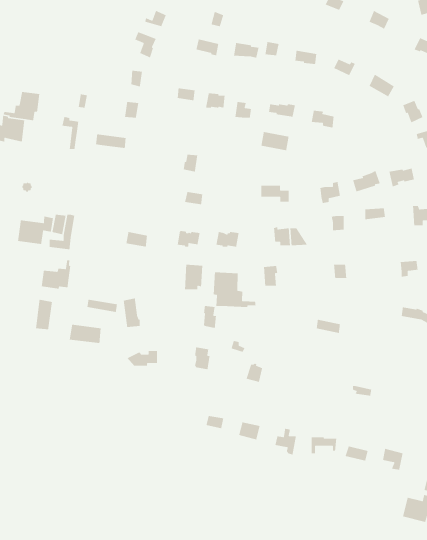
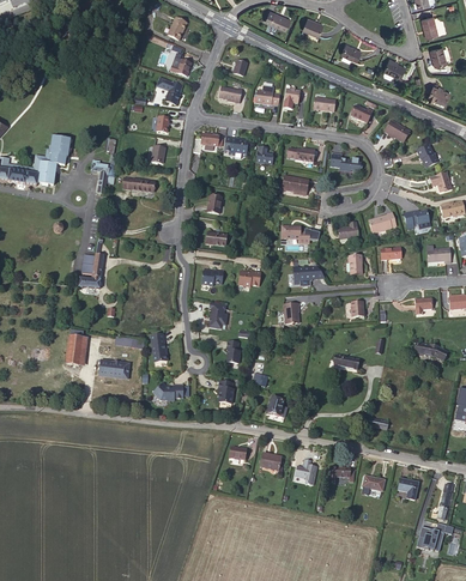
building: [17,216,54,245] -> none
building: [41,259,71,289] -> none
building: [213,272,256,308] -> none

